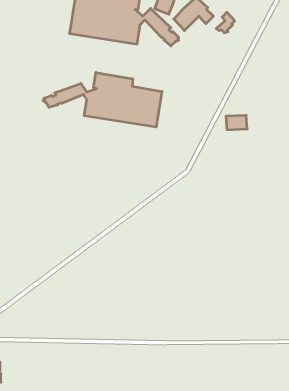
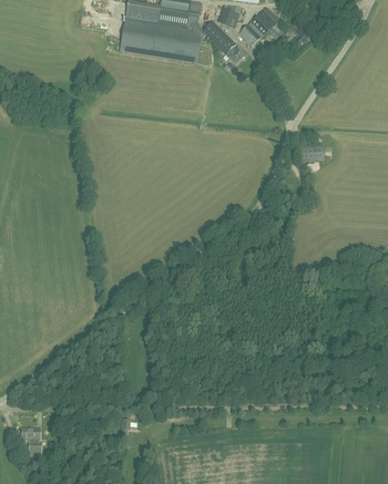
building: [43,72,162,127] -> none

